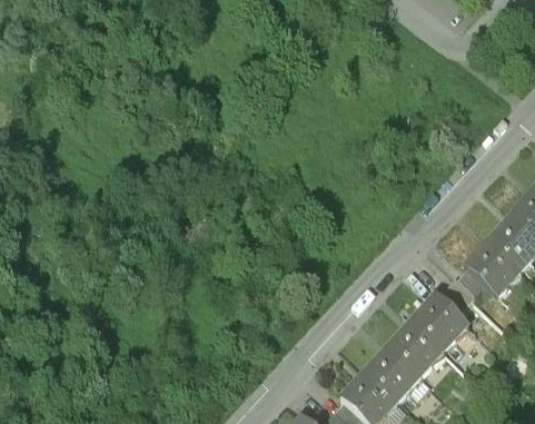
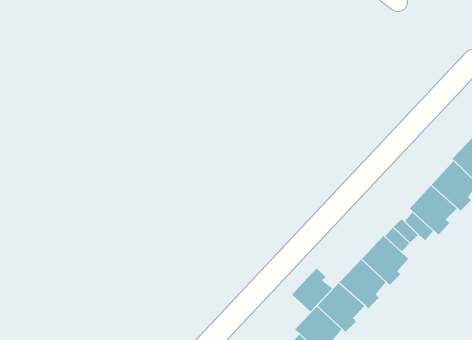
building: none -> [291,268,333,312]

